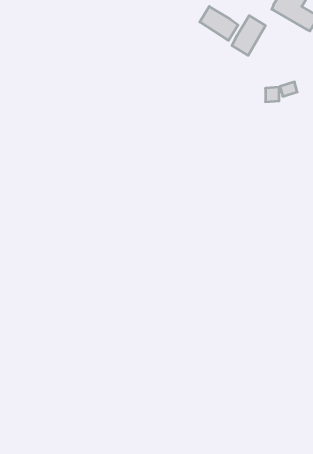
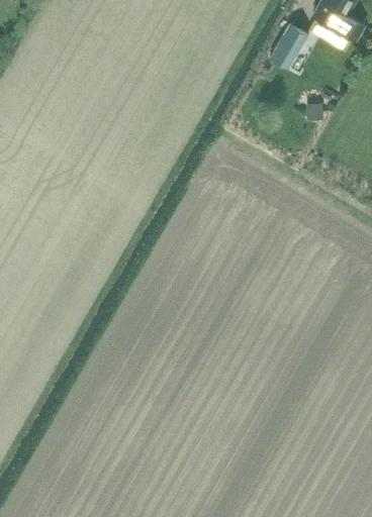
building: [200,6,238,40] -> none

